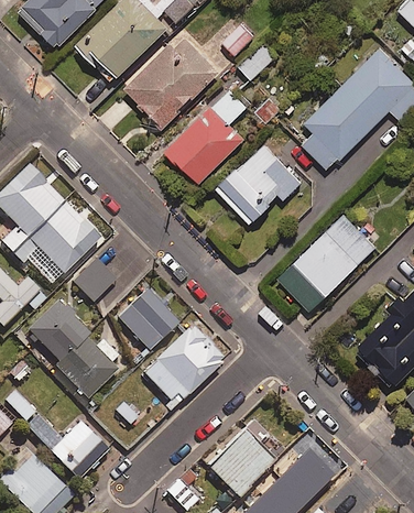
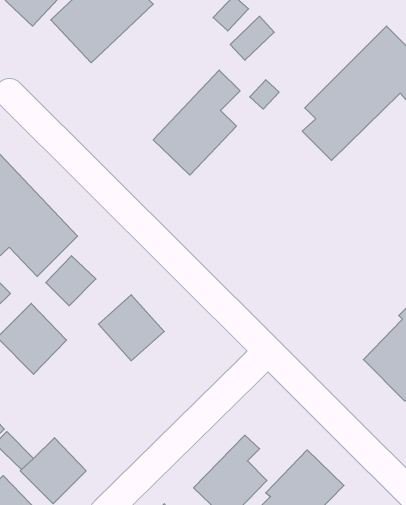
building: [124,32,219,127] -> none
building: [218,143,301,222] -> none
building: [277,211,373,308] -> none
building: [142,325,225,406] -> none
building: [58,339,117,397] -> none

